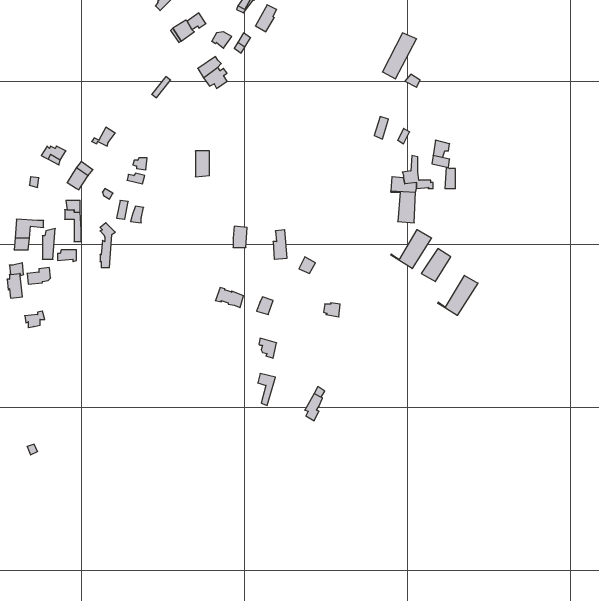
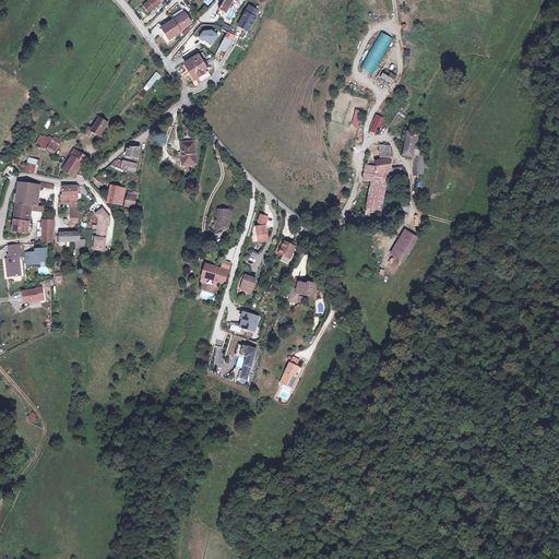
building: none -> [15,182,45,204]
building: [391,230,432,269] -> none
building: [438,275,478,315] -> none

